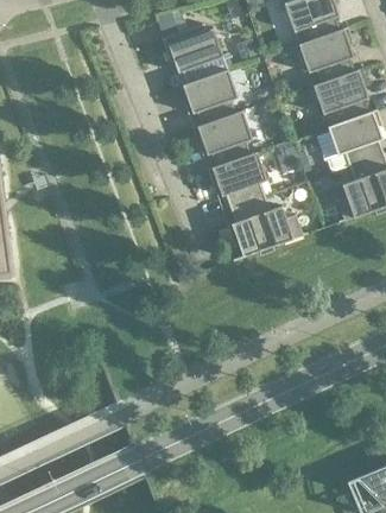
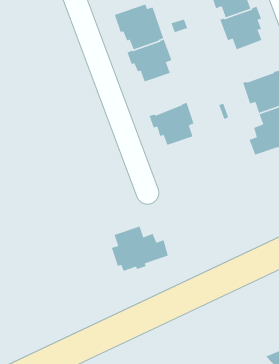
building: [311,68,367,126] -> none
building: [191,110,251,167] -> none
building: [226,196,305,260] -> [111,225,172,275]

